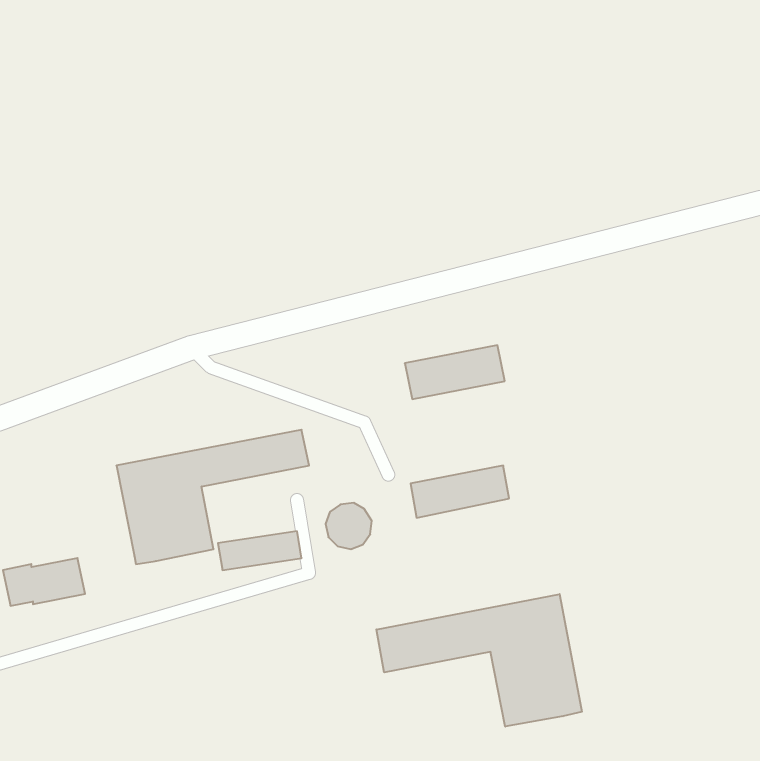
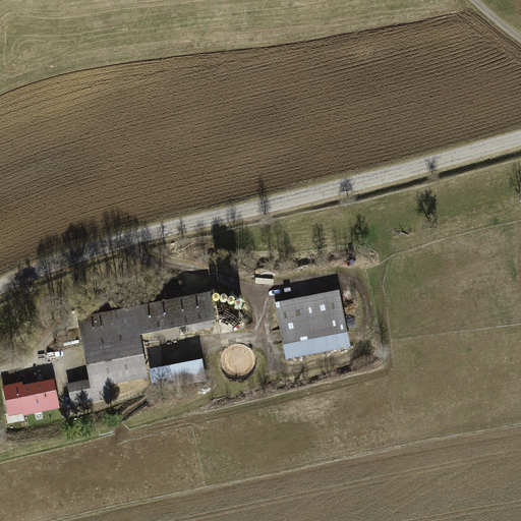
building: [405,345,505,399] -> [275,293,343,330]
building: none -> [68,380,109,402]
building: [376,594,582,727] -> none

